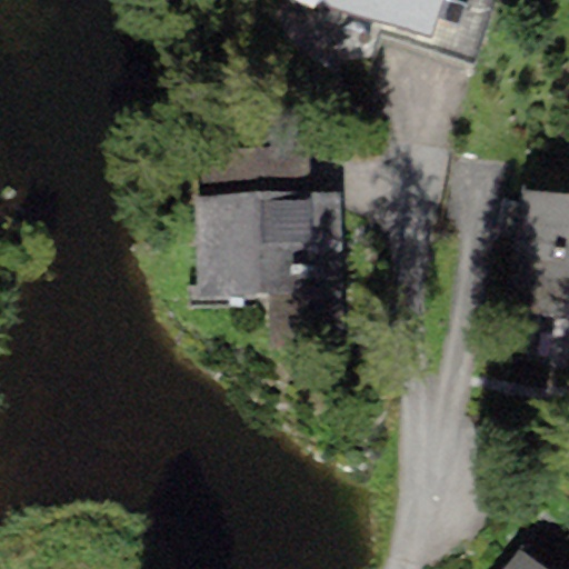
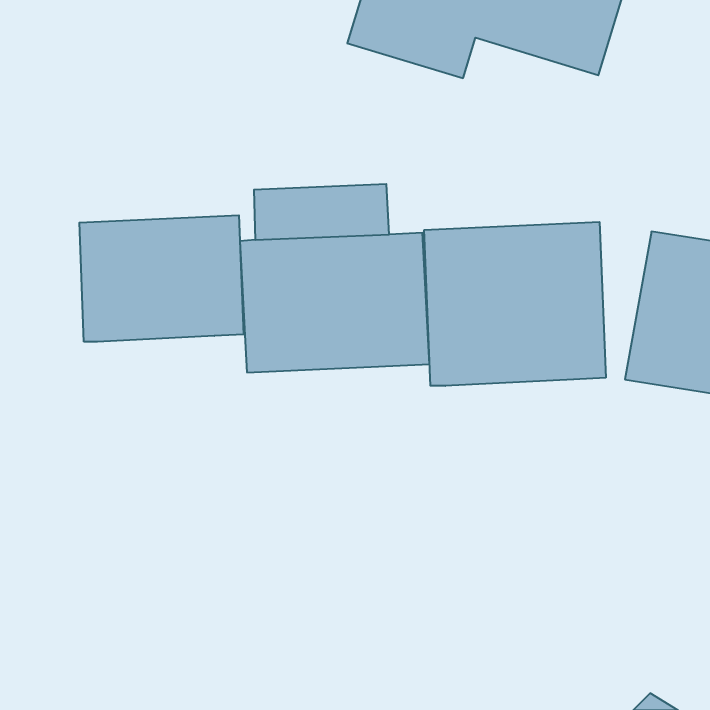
building: none -> [79,215,244,342]
building: none -> [424,222,606,386]

